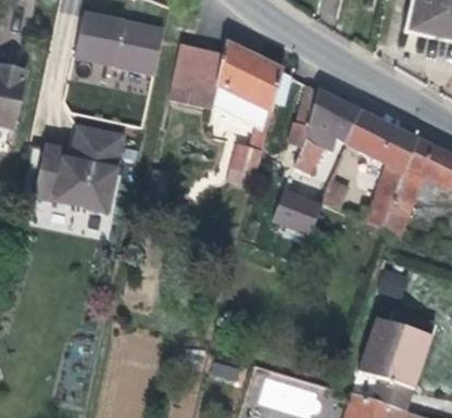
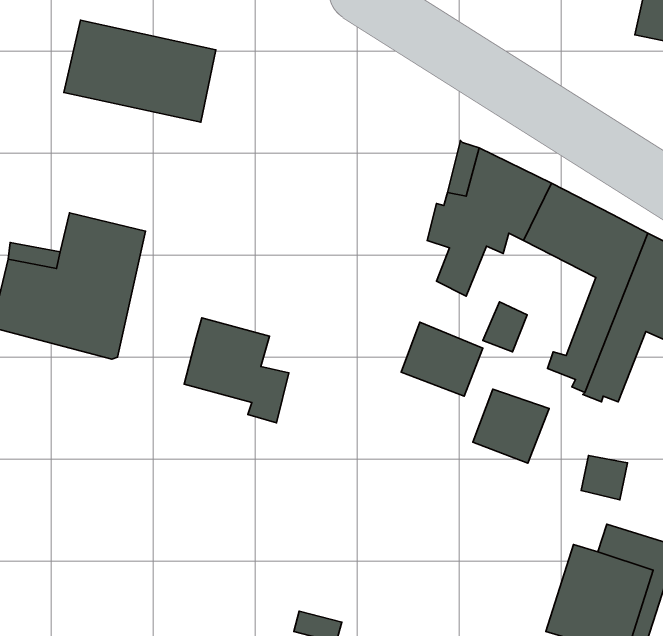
building: [168,41,282,186] -> none
building: none -> [184,318,289,423]
building: none -> [473,389,549,463]

